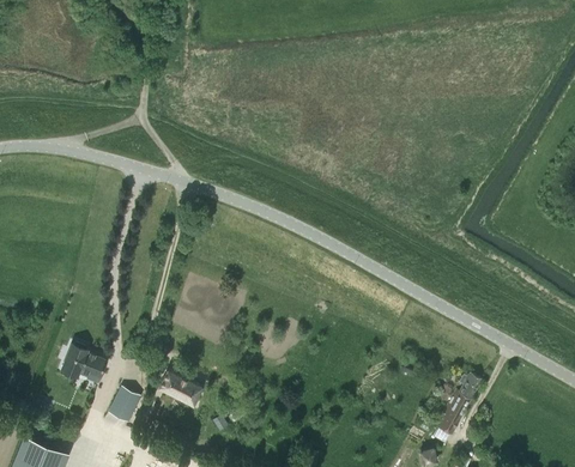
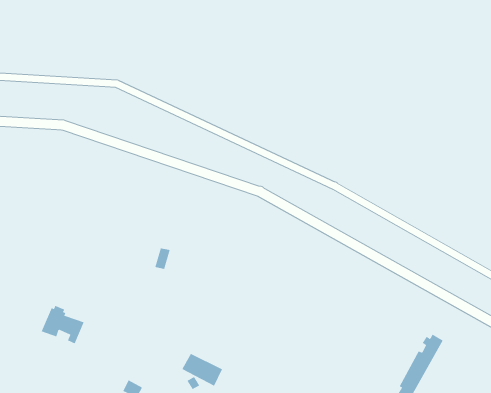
building: [159,371,202,406] -> [181,353,223,387]
building: [109,388,141,423] -> none

